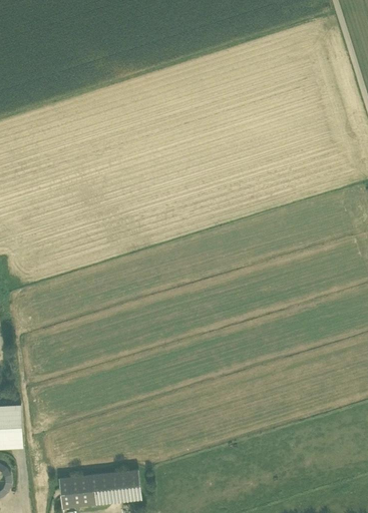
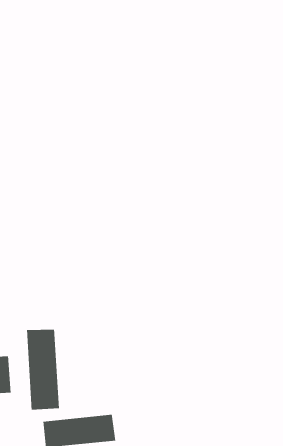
building: none -> [26,329,59,411]

